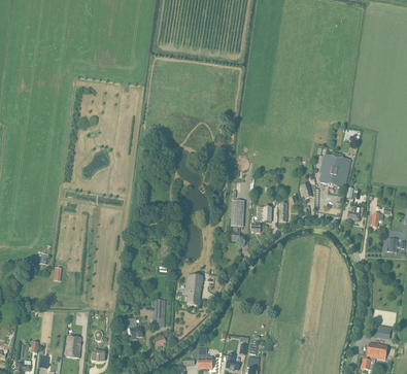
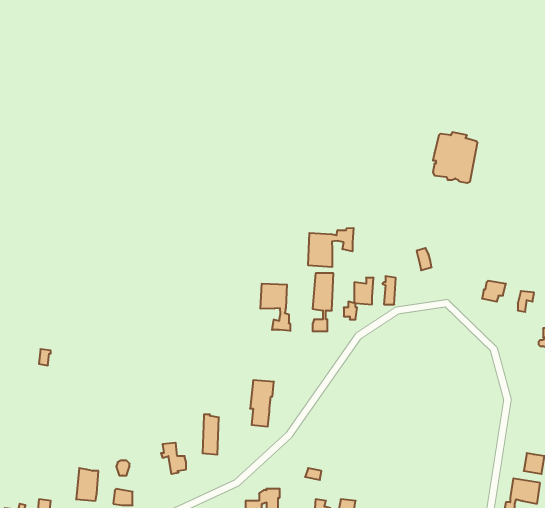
building: [319,152,350,188] -> [433,132,478,183]
building: none -> [308,228,354,267]
building: none -> [260,284,290,331]

